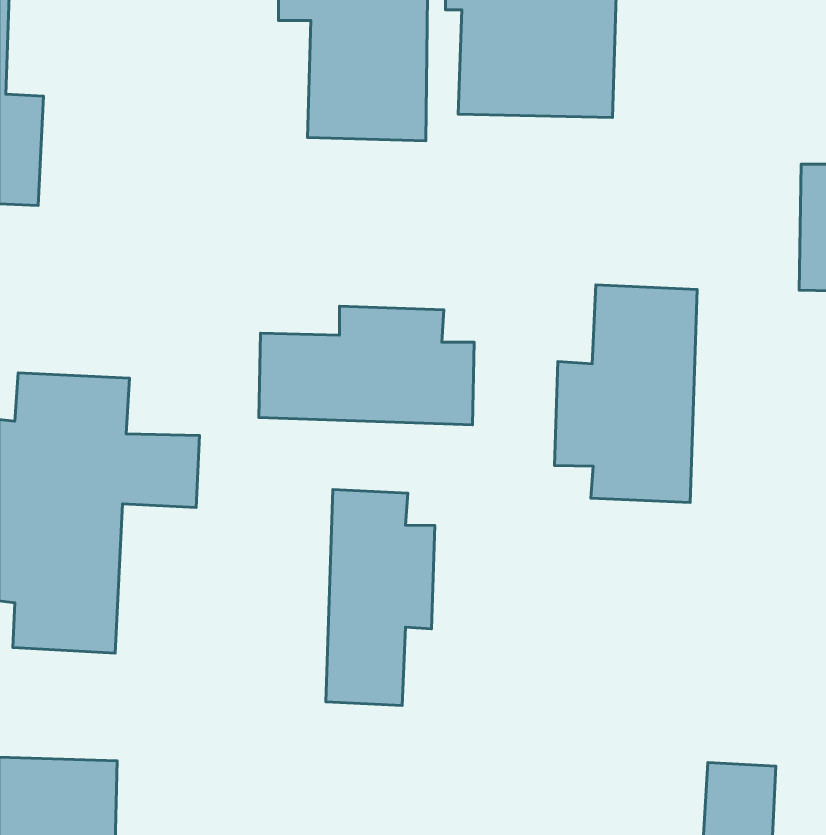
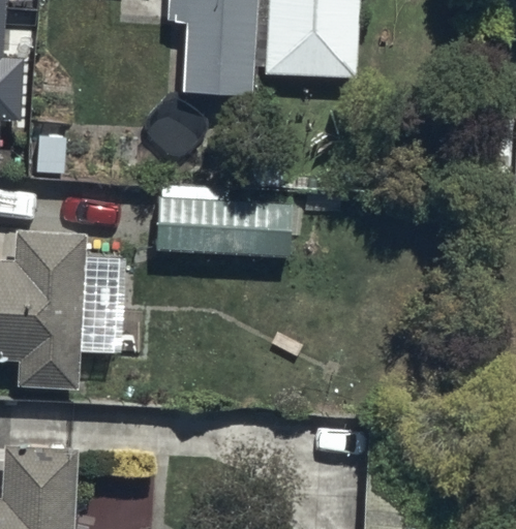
building: [554,285,697,503] -> none
building: [326,490,435,705] -> none

